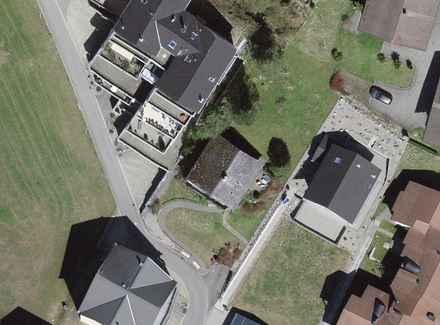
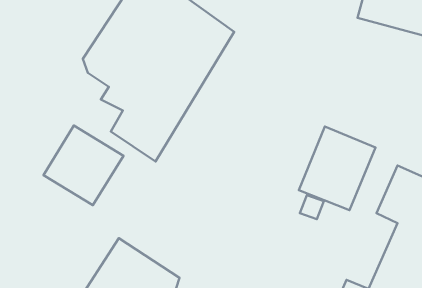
building: [183,135,263,212] -> none
building: none -> [44,125,124,205]

